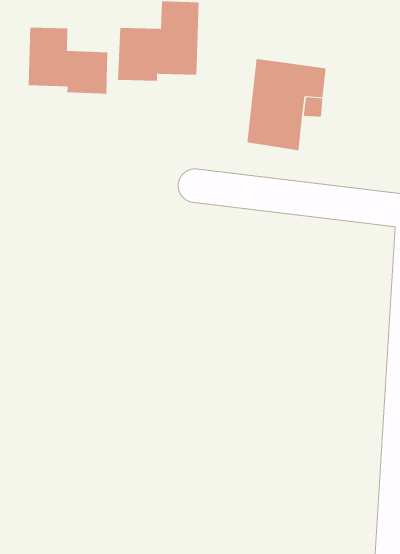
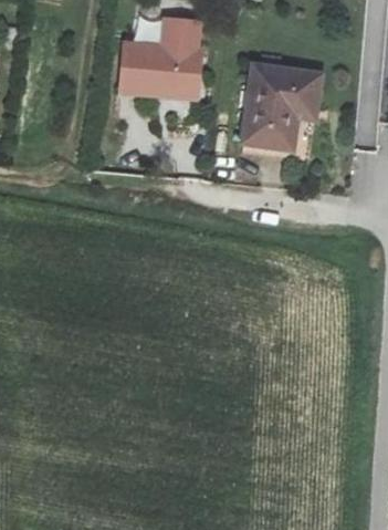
building: [28,27,108,94] -> none

